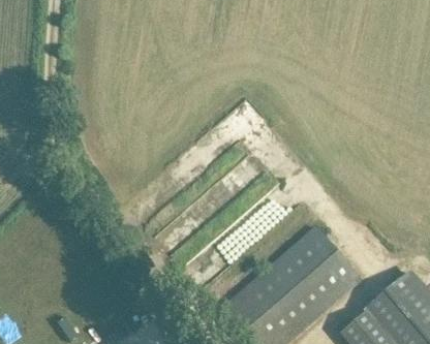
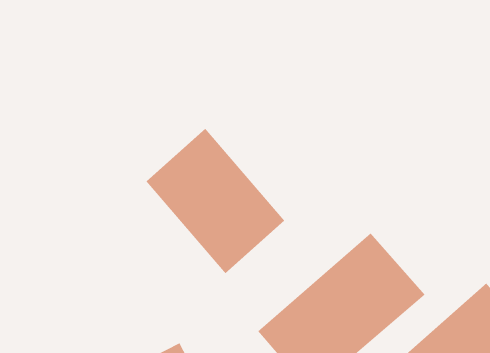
building: none -> [146,128,285,274]

